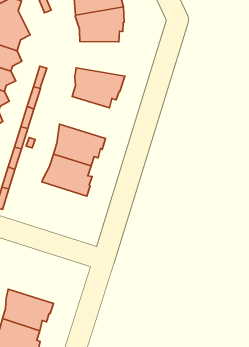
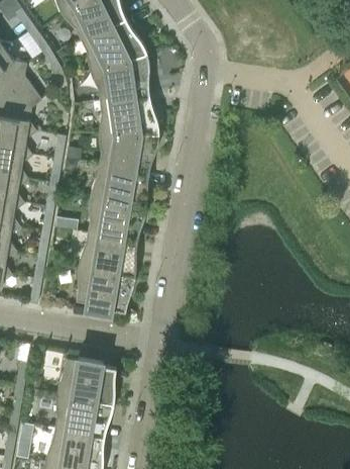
building: none -> [99,93,155,131]
building: none -> [89,163,145,205]
building: none -> [76,265,131,308]
building: none -> [56,358,113,401]

